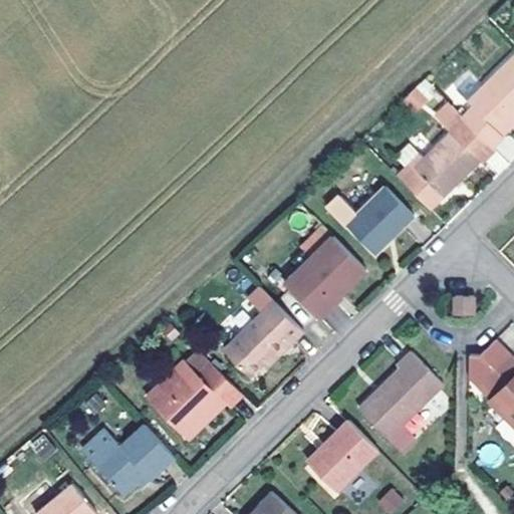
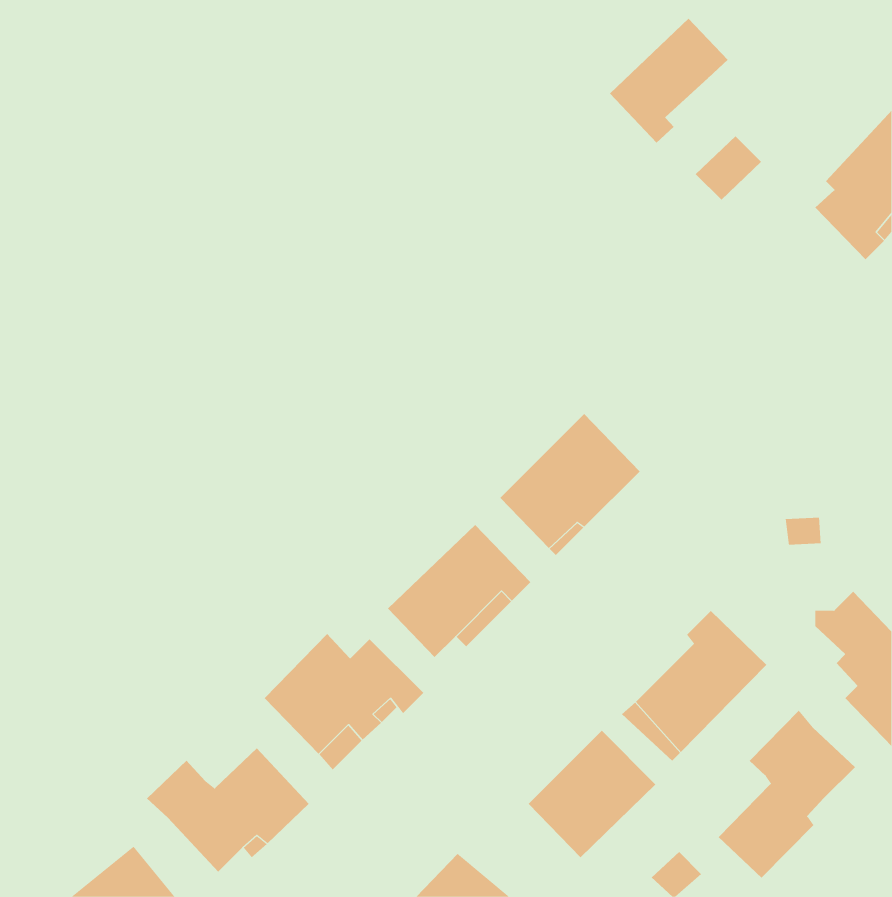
building: none -> [609,18,729,143]
building: [398,105,497,211] -> none
building: [329,187,415,252] -> none
building: none -> [718,710,856,879]

